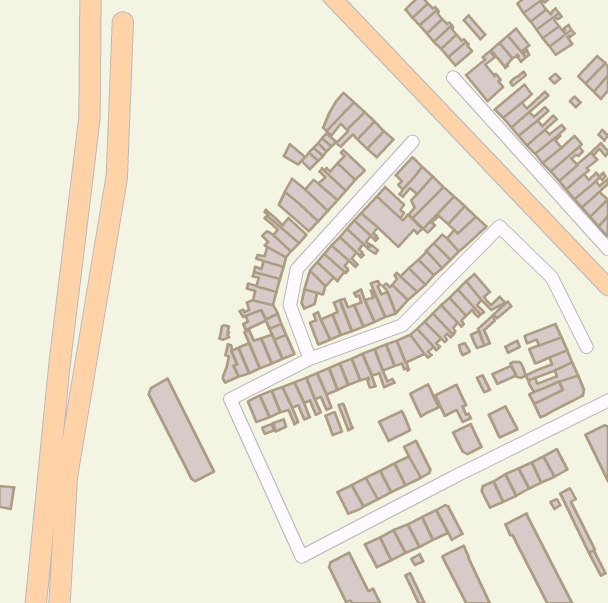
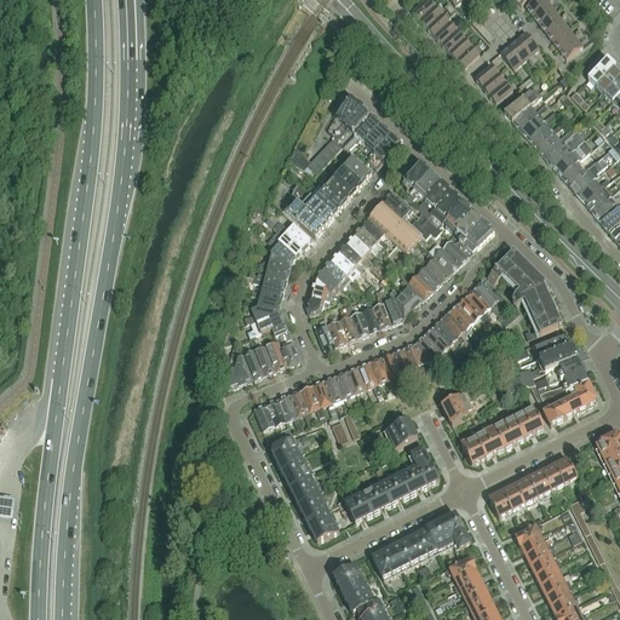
building: none -> [487,249,561,333]
building: [149,379,214,481] -> [271,436,338,540]
building: [410,384,439,417] -> [478,421,507,454]
building: none -> [513,403,544,436]

